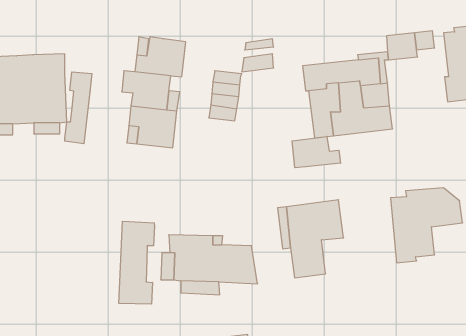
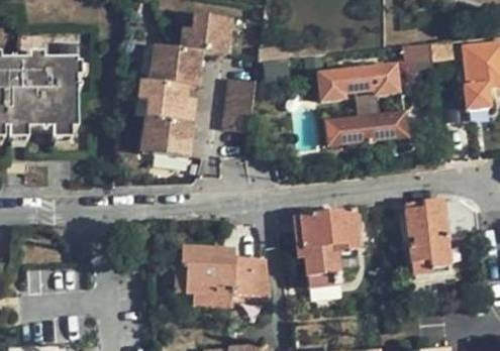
building: none -> [177,14,227,52]
building: [65,72,92,144] -> none
building: [292,136,340,168] -> none
building: [119,221,154,304] -> none

